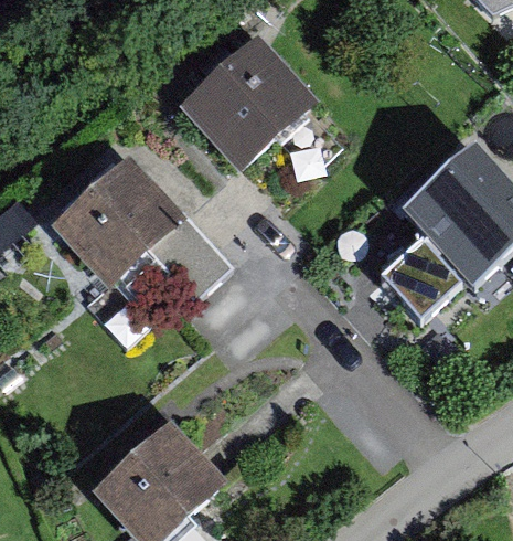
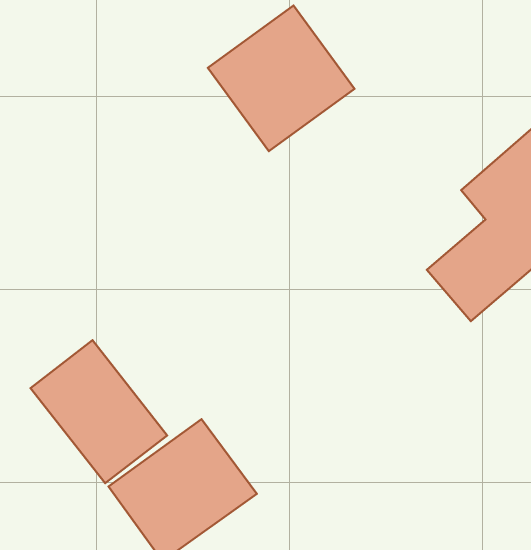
building: [52,150,203,349] -> none
building: none -> [31,340,167,483]

